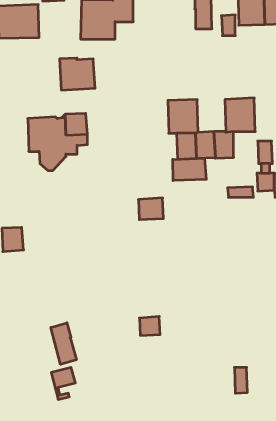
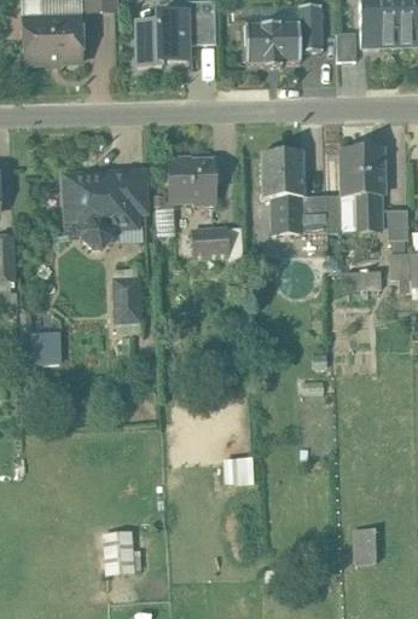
building: none -> [245,23,301,68]
building: [60,58,95,90] -> [166,158,215,203]
building: none -> [353,195,381,231]
building: [173,158,206,181] -> none
building: none -> [115,278,139,320]
building: [138,198,163,220] -> [191,227,226,258]
building: [51,323,76,364] -> none

